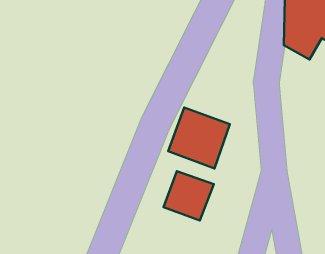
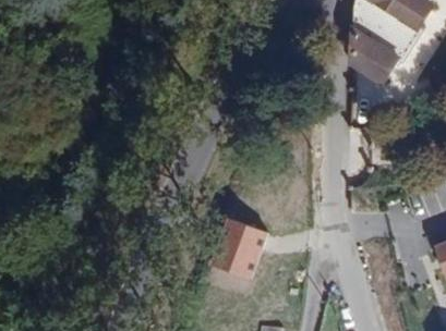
building: [168,108,230,169] -> none

